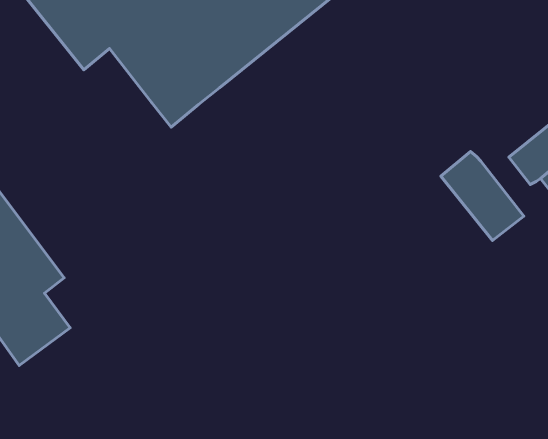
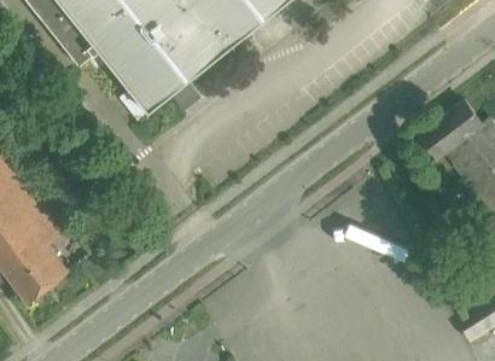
building: [441,152,524,240] -> none

